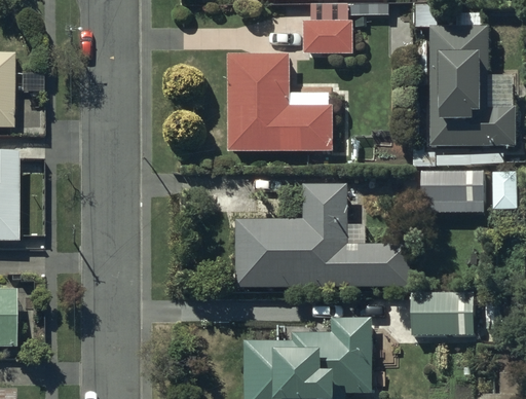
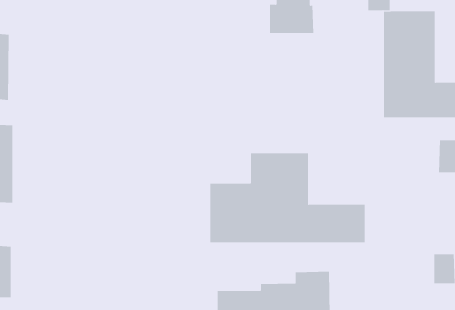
building: [230,55,333,150] -> none
building: [422,171,484,211] -> none
building: [411,291,474,335] -> none

